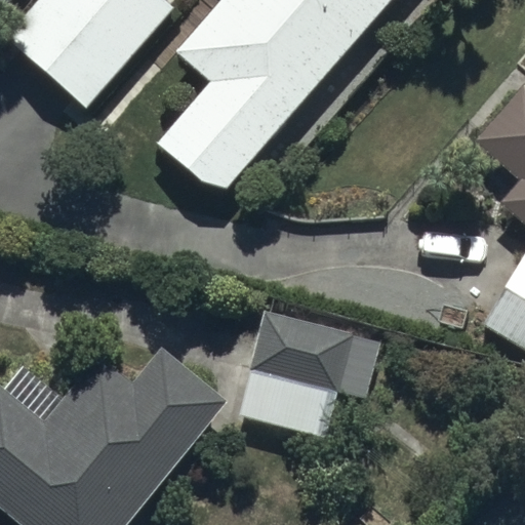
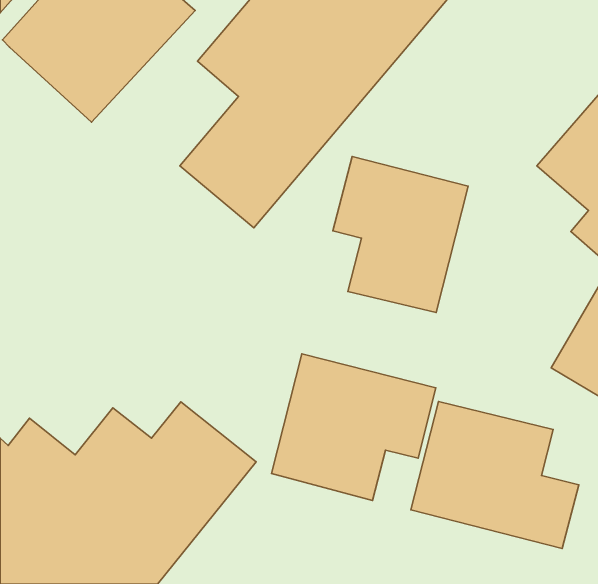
building: none -> [333,157,468,313]
building: none -> [411,401,579,549]

